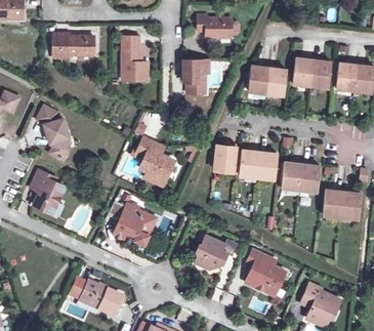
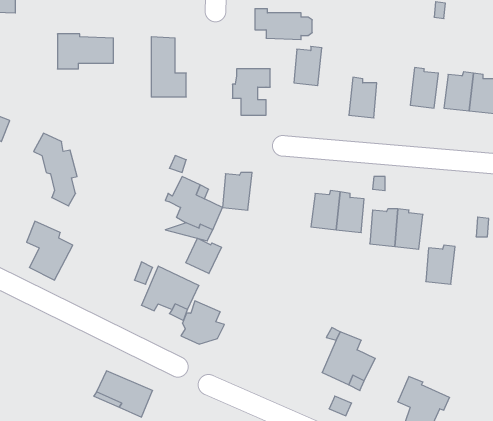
building: [293,57,315,86] -> none
building: [249,65,269,93] -> [294,46,322,86]
building: [215,144,237,172] -> [223,172,252,210]
building: none -> [186,238,222,274]
building: [341,190,362,218] -> none
building: [196,236,227,267] -> [181,301,224,344]

